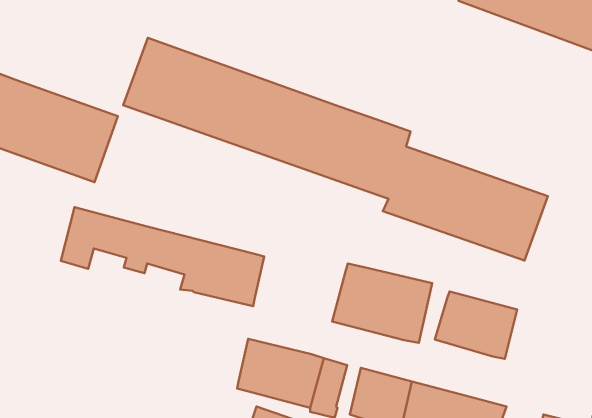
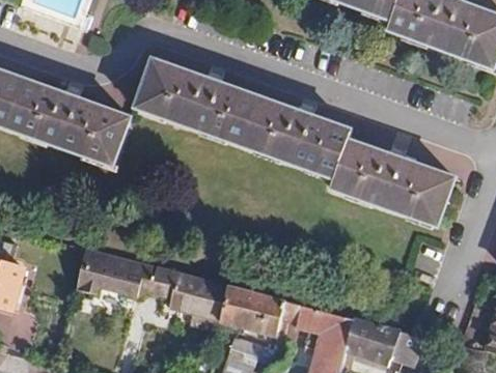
building: [61,207,264,306] -> [76,248,229,322]
building: [332,264,432,343] -> none
building: [435,292,517,359] -> none

